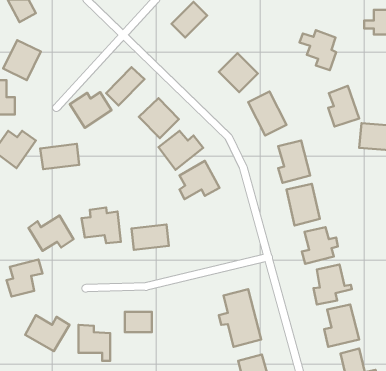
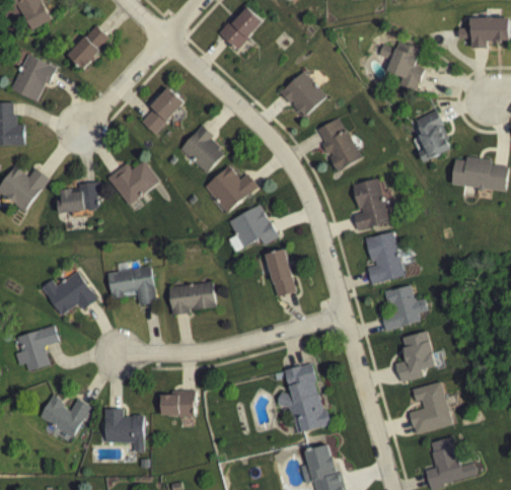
building: none -> [67,24,111,69]
building: [70,92,112,128] -> [108,160,160,205]
building: none -> [266,249,295,296]

